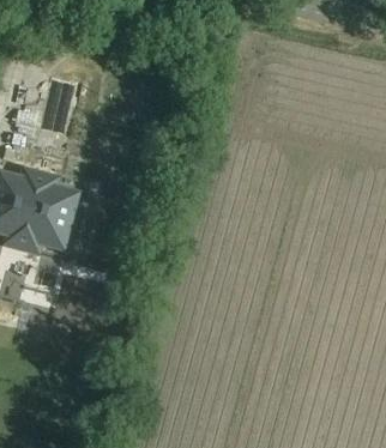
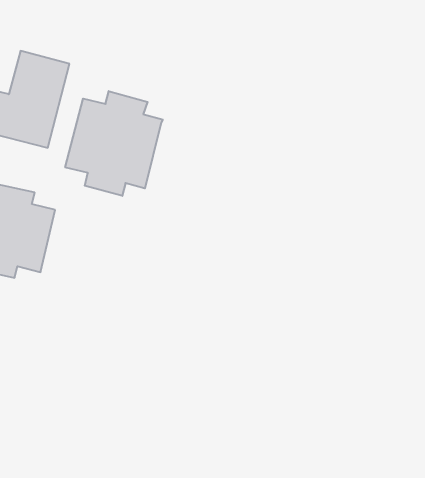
building: none -> [65,91,163,196]

